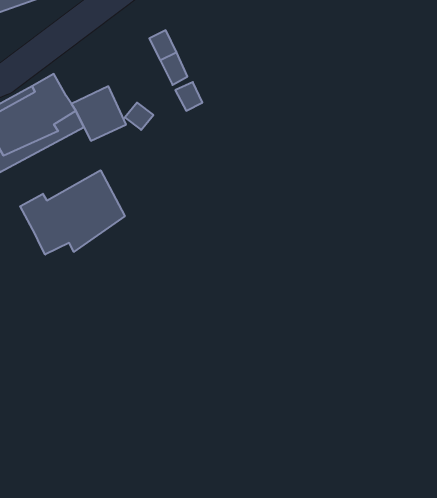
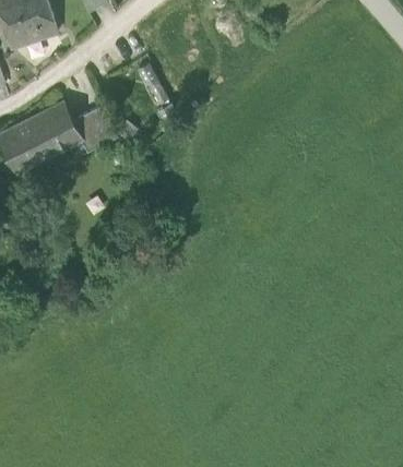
building: [20,170,125,255] -> none

